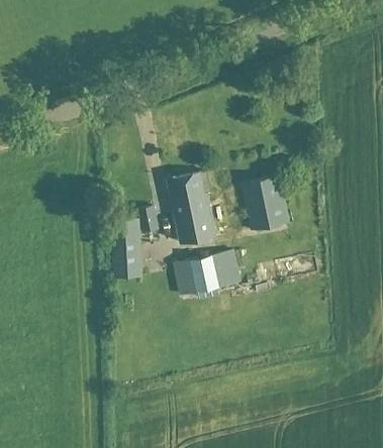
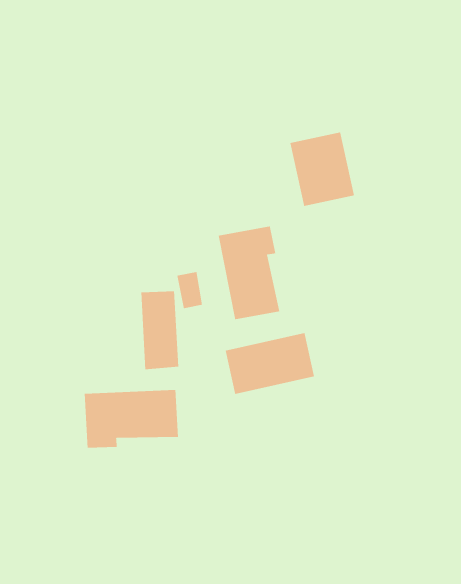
building: [243,176,290,230] -> [290,132,355,206]
building: none -> [84,389,178,449]

